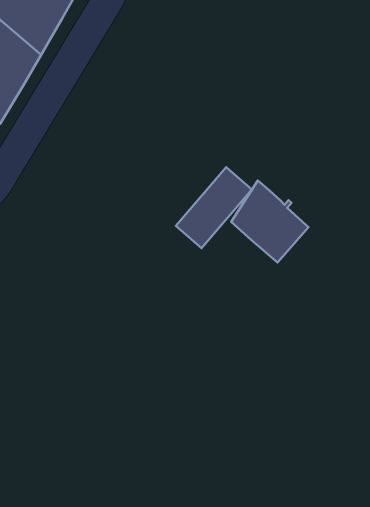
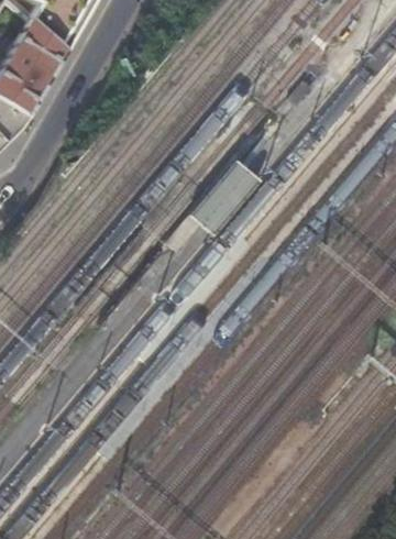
building: [231,180,309,262] -> none

